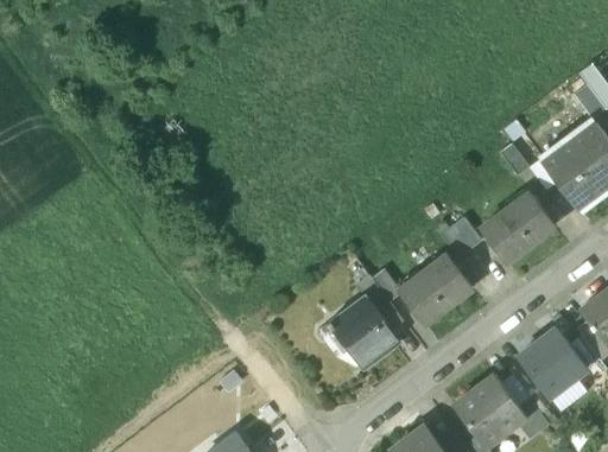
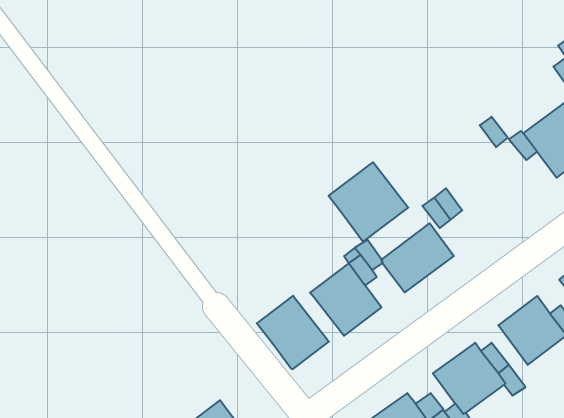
building: none -> [329,162,408,241]
building: [481,193,555,262] -> none
building: none -> [257,296,329,369]

